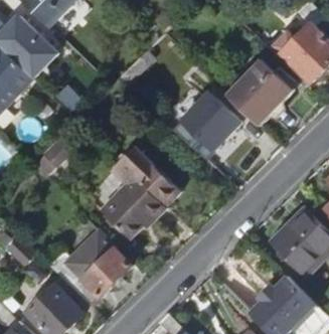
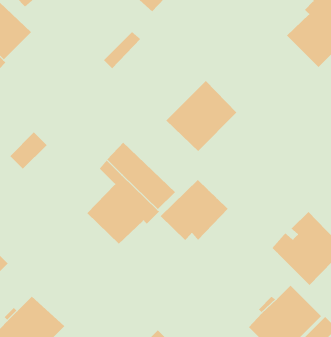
building: [228,59,295,124] -> none
building: none -> [160,179,229,241]
building: [45,228,132,305] -> none

